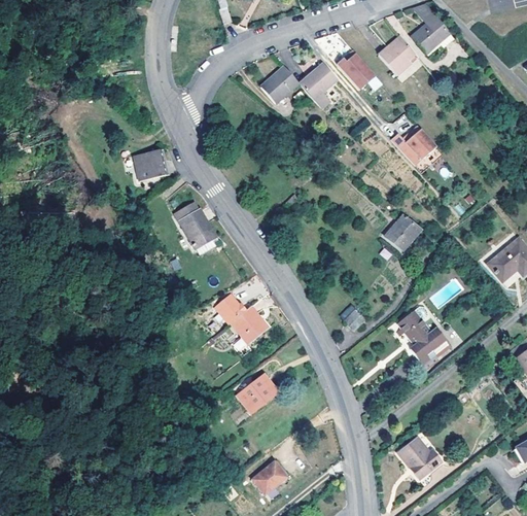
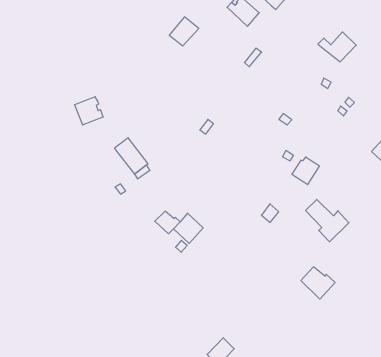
building: [302,63,339,107] -> none
building: [389,128,435,164] -> [318,32,356,62]
building: [385,216,420,250] -> [292,157,319,185]
building: [238,374,278,411] -> none
building: [398,438,440,478] -> [301,267,335,299]

